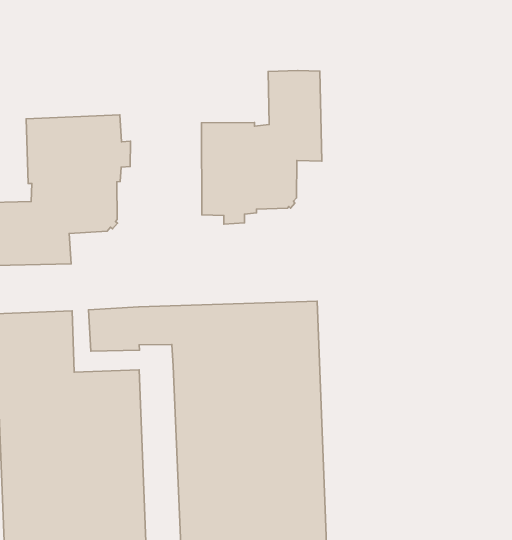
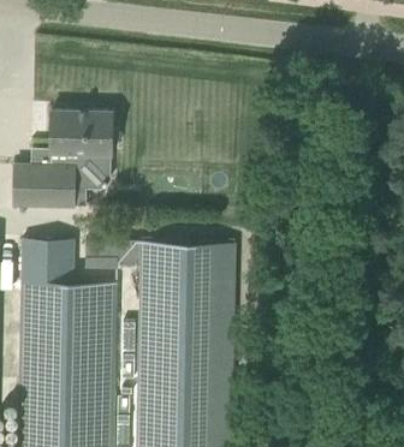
building: [201,71,322,224] -> none

